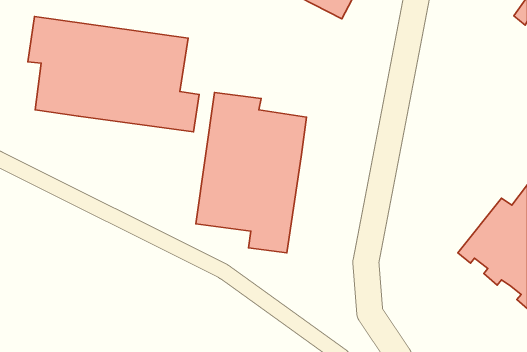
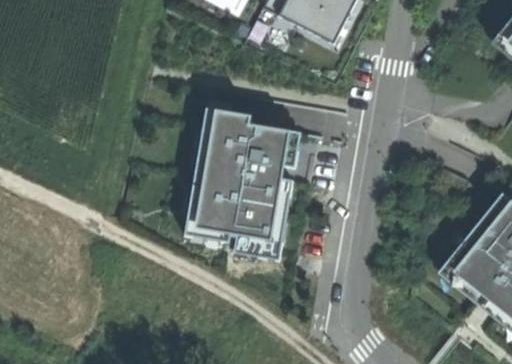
building: [28,16,199,132] -> none

